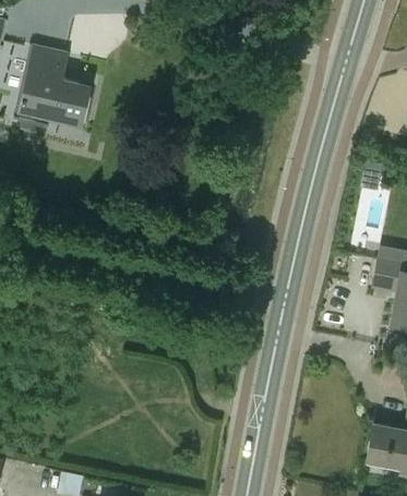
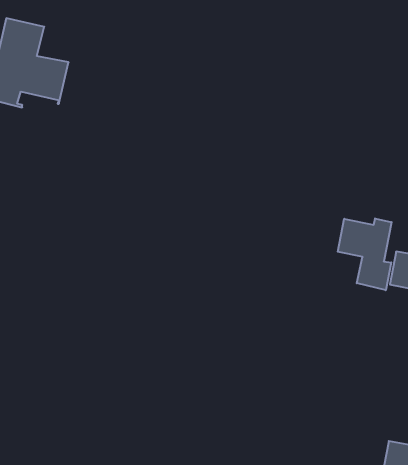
building: none -> [338,218,392,290]

